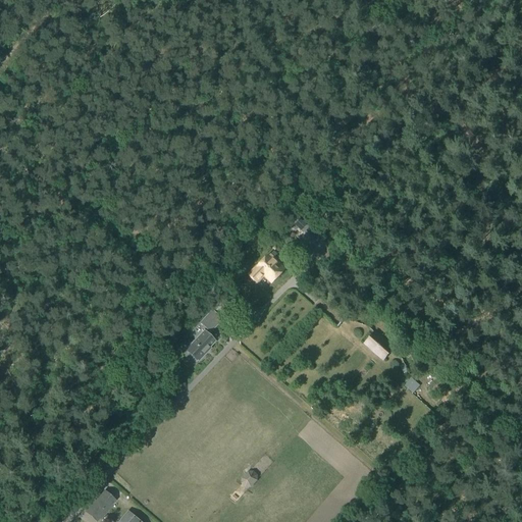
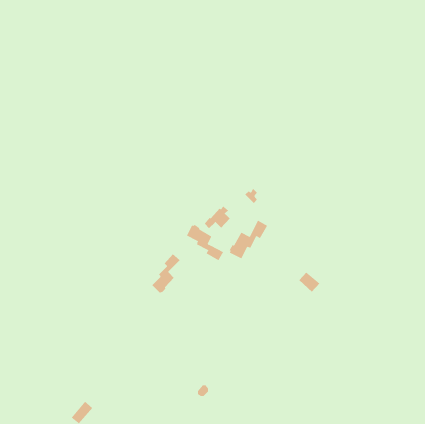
building: none -> [229,220,268,259]
building: none -> [186,224,224,261]

